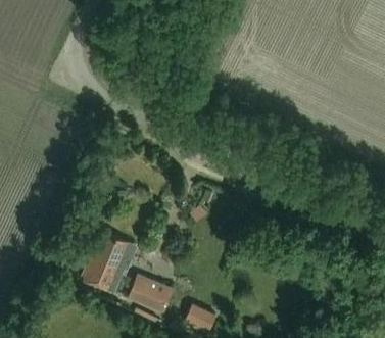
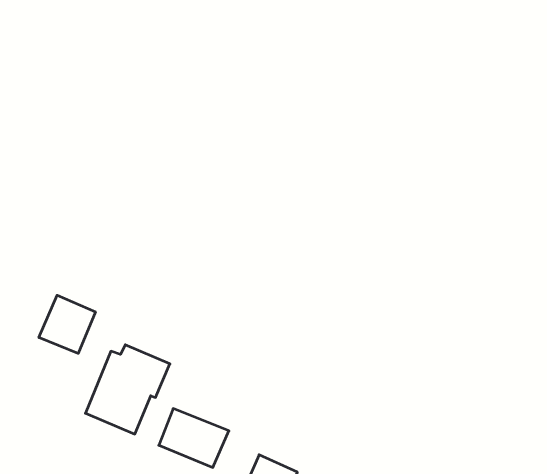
building: none -> [39,295,95,353]

